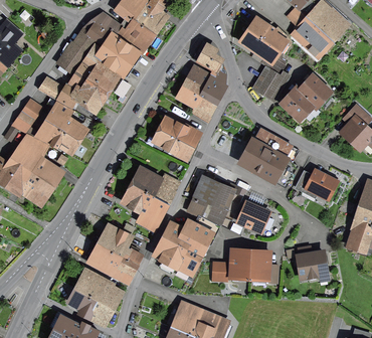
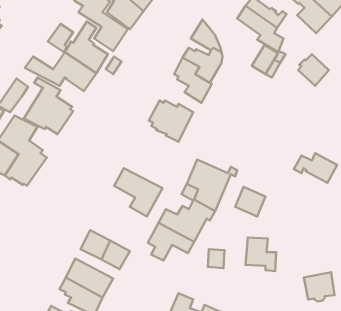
building: [282,88,312,122] -> none
building: [242,128,299,185] -> none
building: [132,167,180,203] -> none
building: [100,224,142,264] -> none
building: [230,249,250,277] -> none
building: [297,250,326,279] -> [304,272,334,302]

